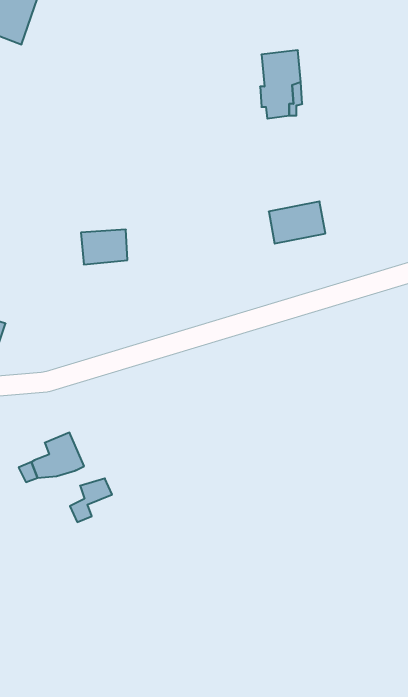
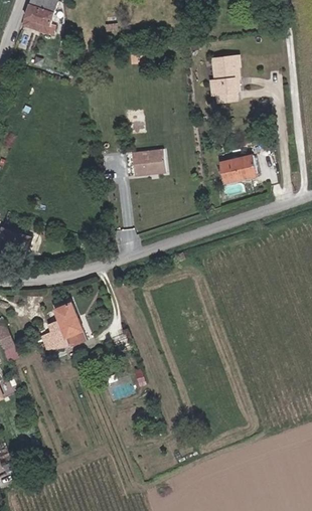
building: [81,230,127,264] -> [134,149,166,173]
building: [70,478,112,522] -> [48,302,77,332]

